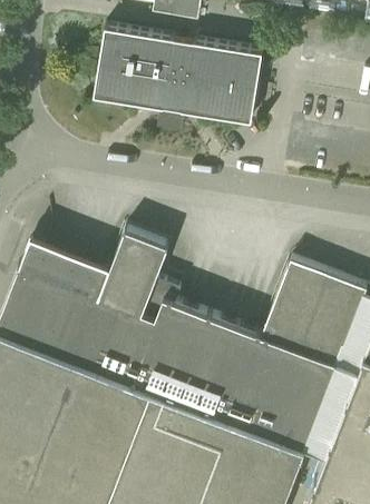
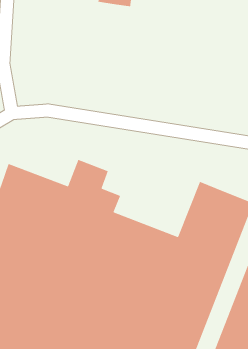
building: [95,31,263,125] -> none

